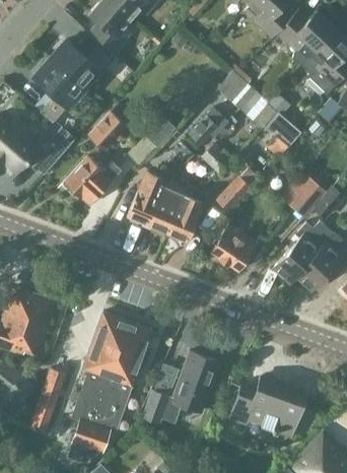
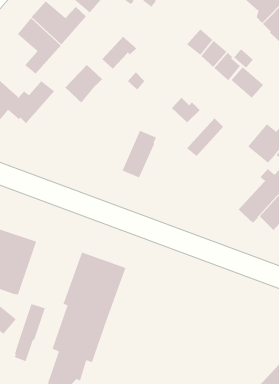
building: [189,109,227,145] -> [102,36,137,70]
building: [64,157,120,204] -> none
building: [127,174,166,225] -> none
building: [166,195,204,243] -> none
building: [210,224,257,271] -> none
building: [142,351,219,423] -> none
building: [229,377,302,436] -> none

